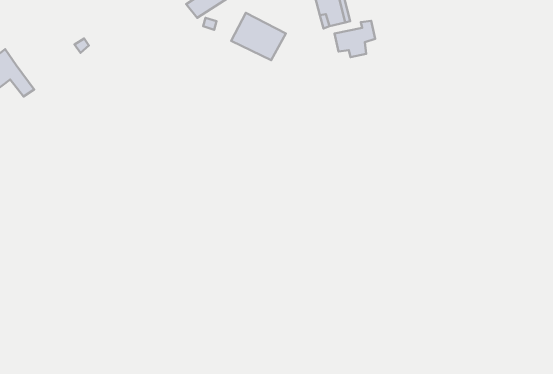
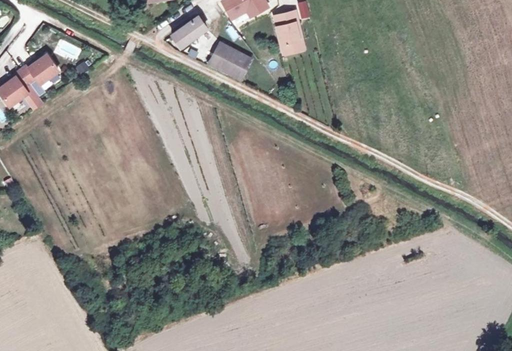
building: [334,21,375,57] -> none
building: none -> [21,56,59,85]

